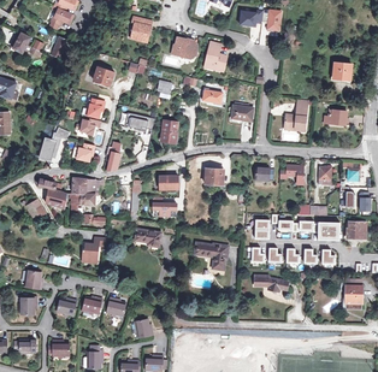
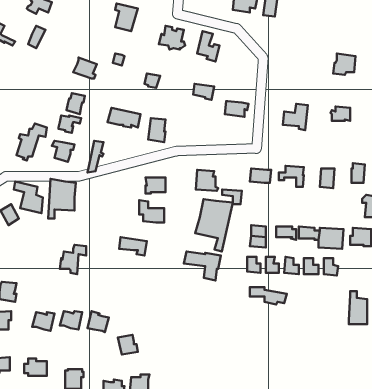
building: none -> [195,199,233,252]

